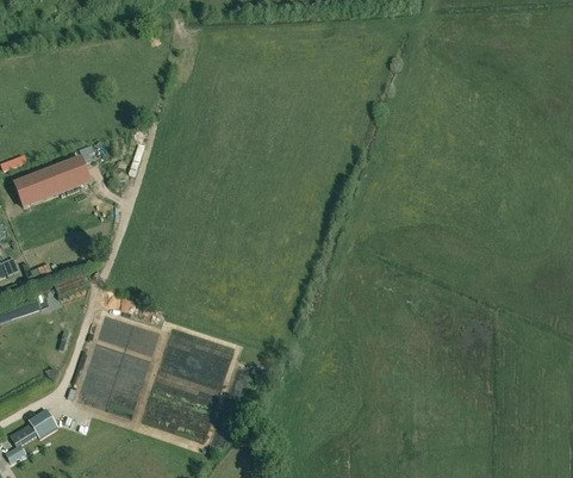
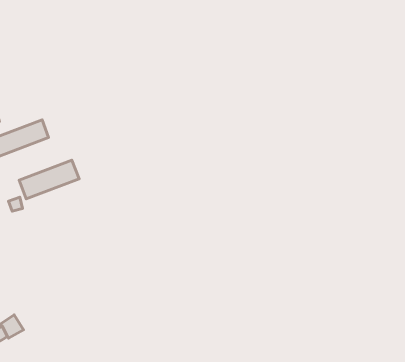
building: none -> [19,160,79,199]

